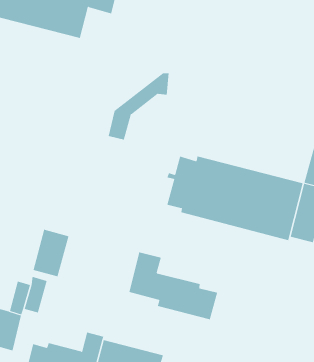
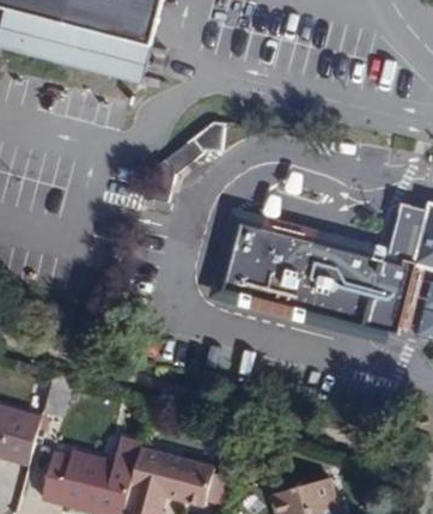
building: none -> [111,40,150,85]
building: [33,229,69,277] -> none
building: [129,252,218,320] -> none

